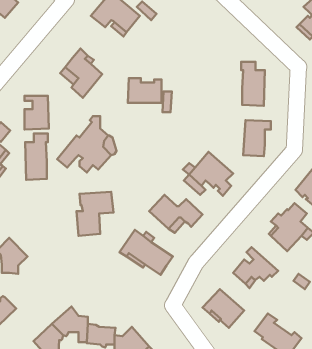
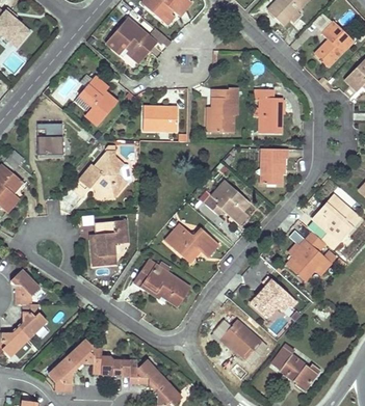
building: none -> [211,88,237,132]
building: [25,133,48,180] -> none
building: none -> [18,303,47,340]

